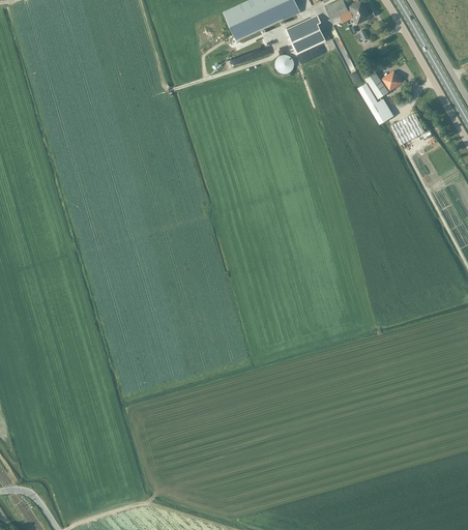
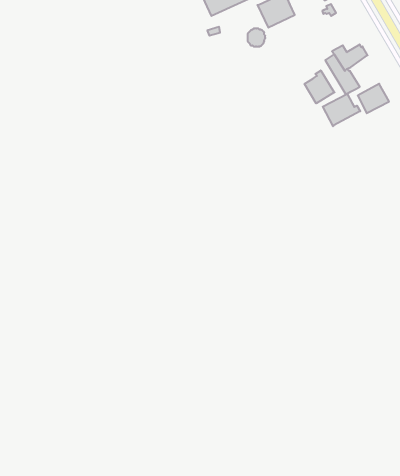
building: none -> [305,70,335,103]
building: none -> [323,94,360,126]

